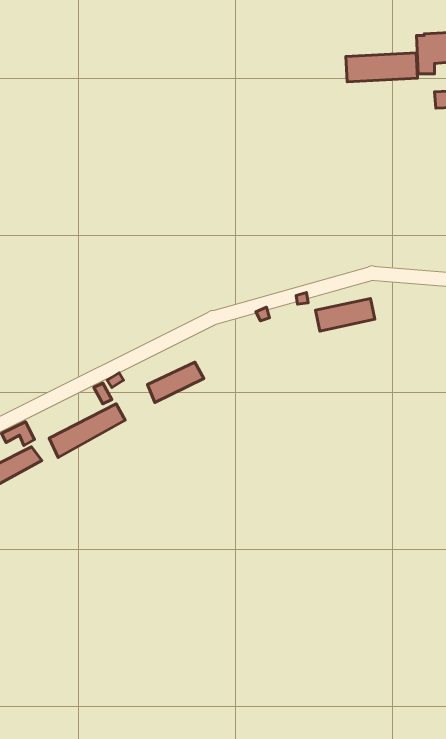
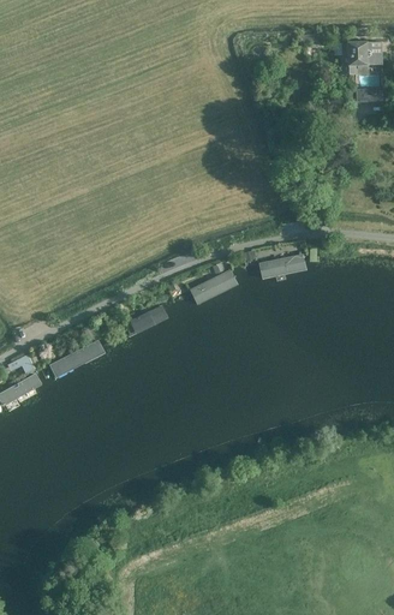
building: [346,53,418,82] -> none
building: none -> [192,271,240,309]

